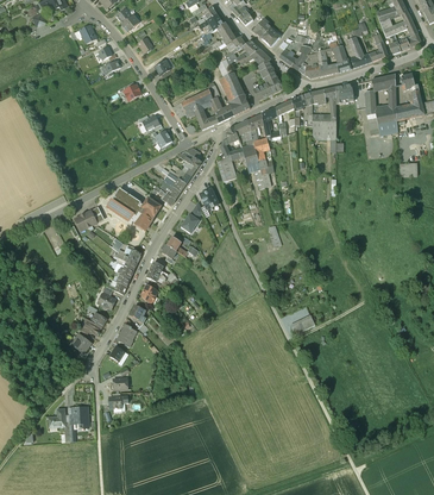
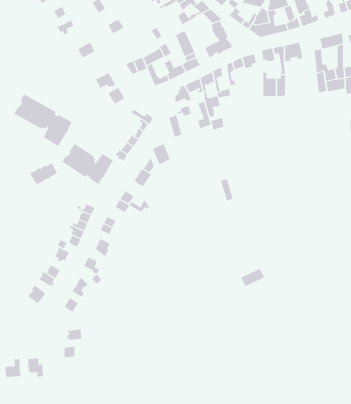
building: none -> [14,94,72,147]

